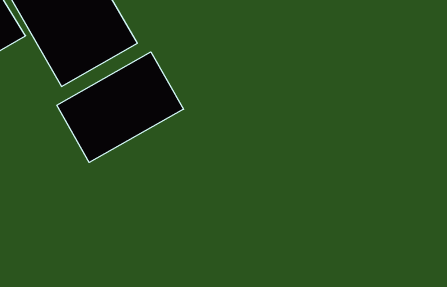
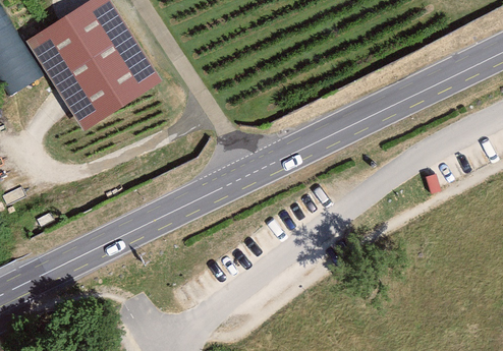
building: [57,52,184,162] -> none

